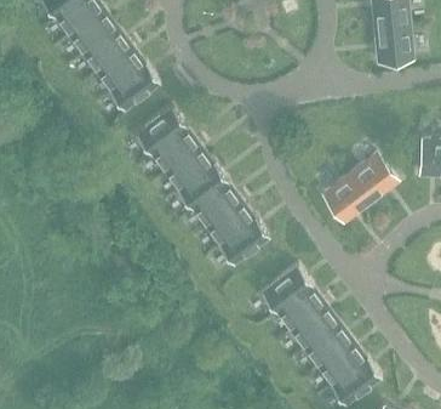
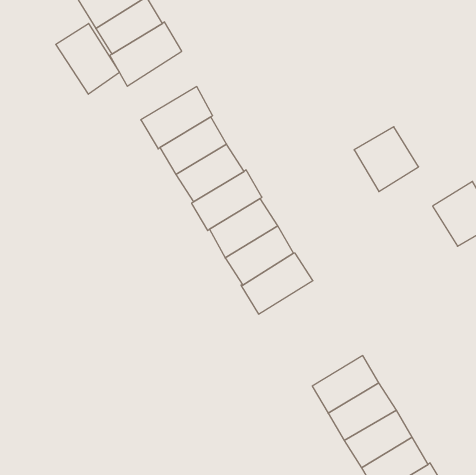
building: none -> [56,23,120,94]
building: [322,175,370,222] -> [354,127,419,192]
building: [260,266,311,312] -> none

